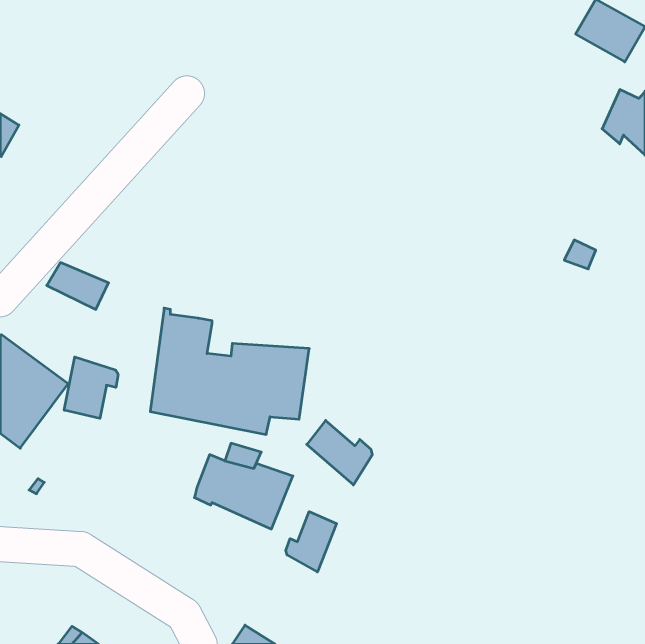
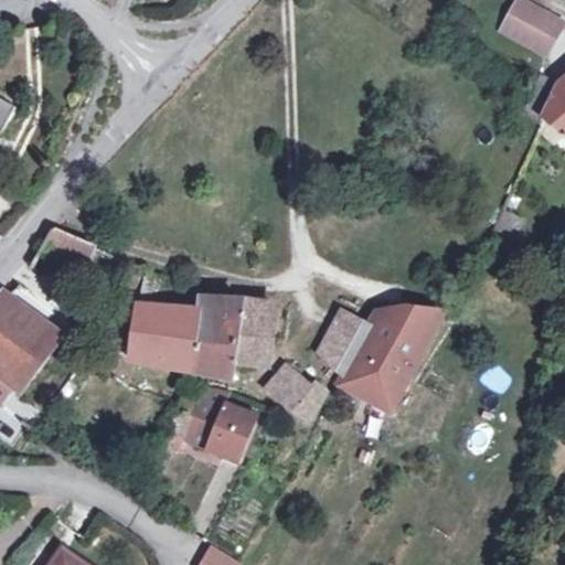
building: none -> [320,309,443,411]
building: [64,357,118,418] -> none
building: [286,512,337,572] -> none

